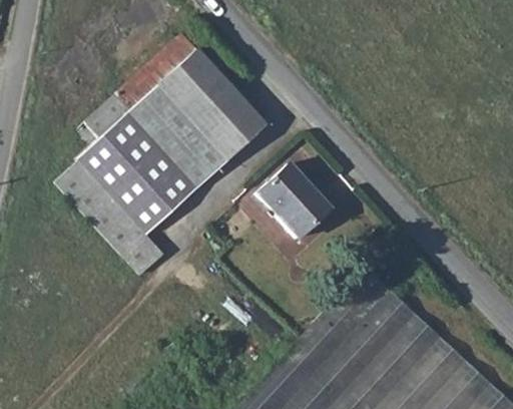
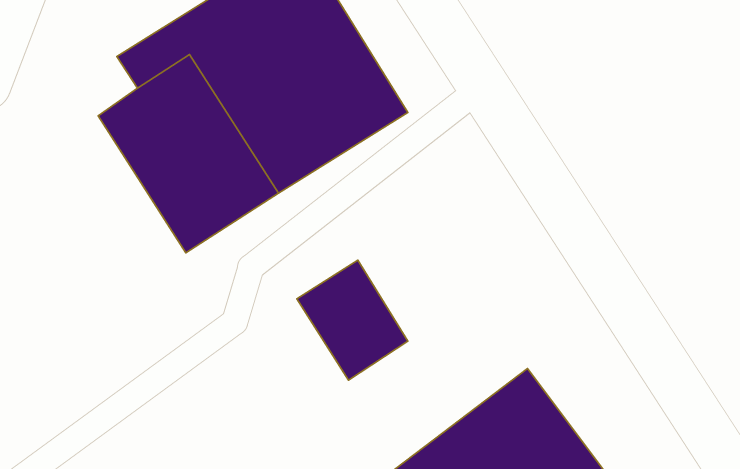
building: [61,165,169,279] -> none
building: [262,168,334,243] -> [297,260,408,380]

